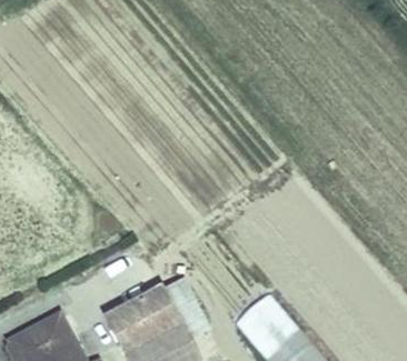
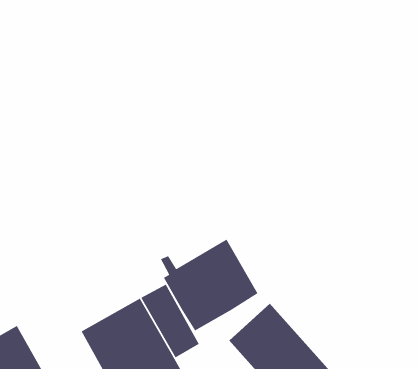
building: none -> [160,239,259,332]

